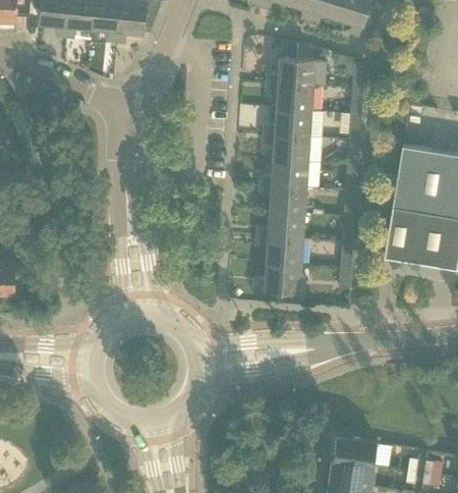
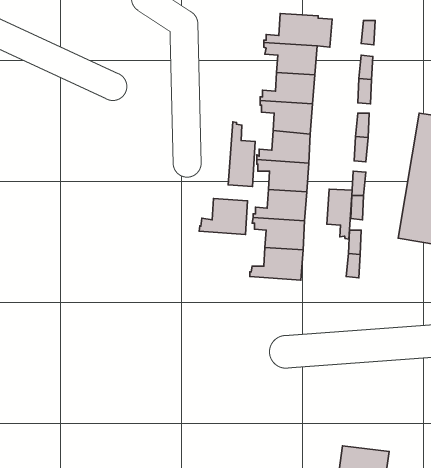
building: none -> [228,122,255,187]
building: none -> [327,189,352,239]
building: none -> [199,198,247,234]

